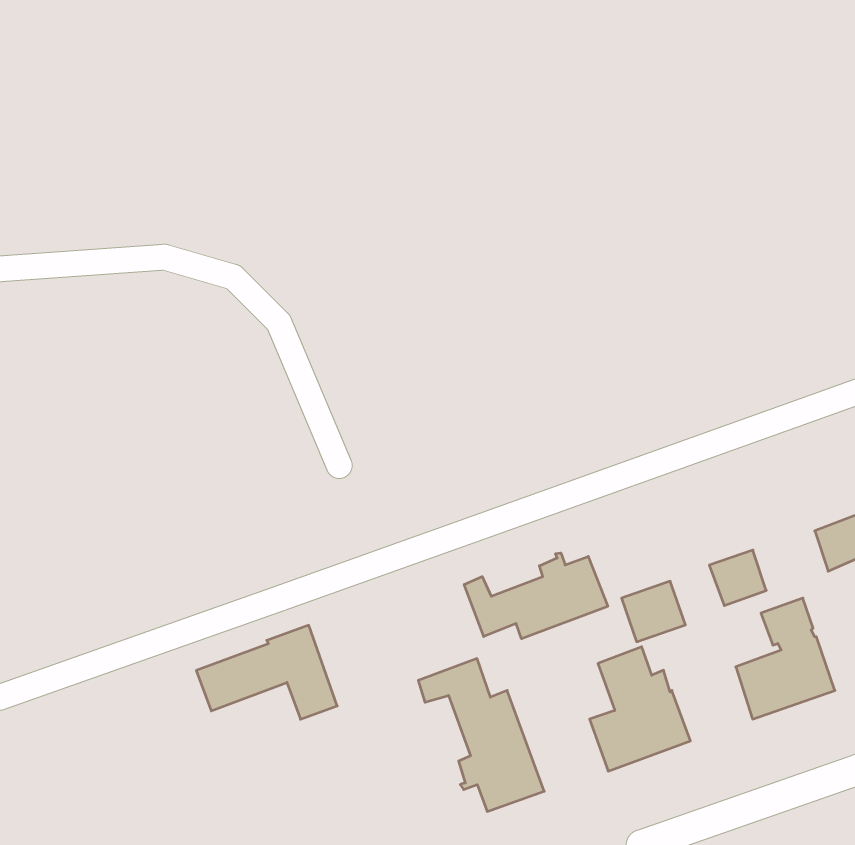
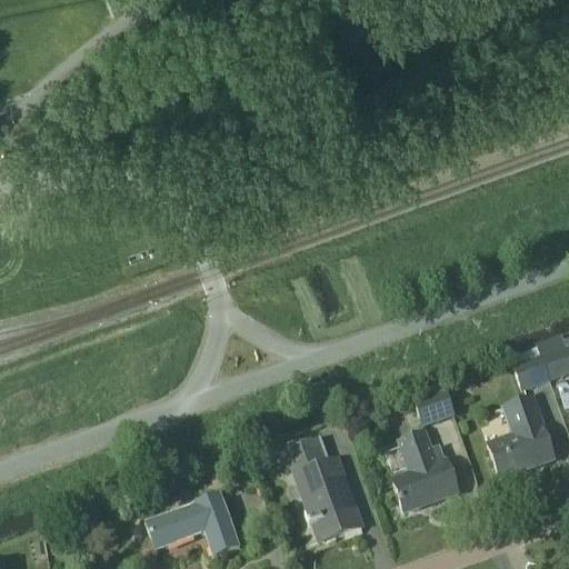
building: [709,550,766,606] -> [512,351,550,388]
building: [464,553,608,639] -> none
building: [196,625,337,719] -> [146,490,239,552]

